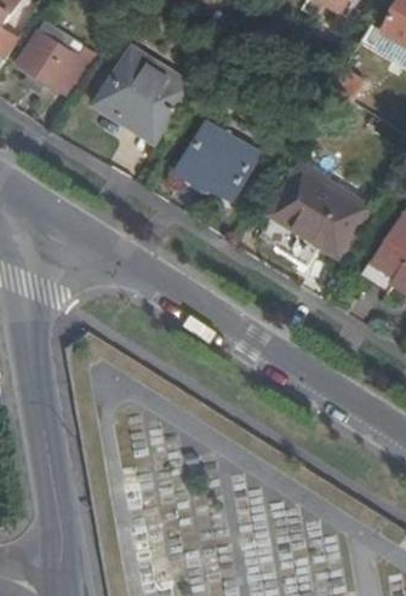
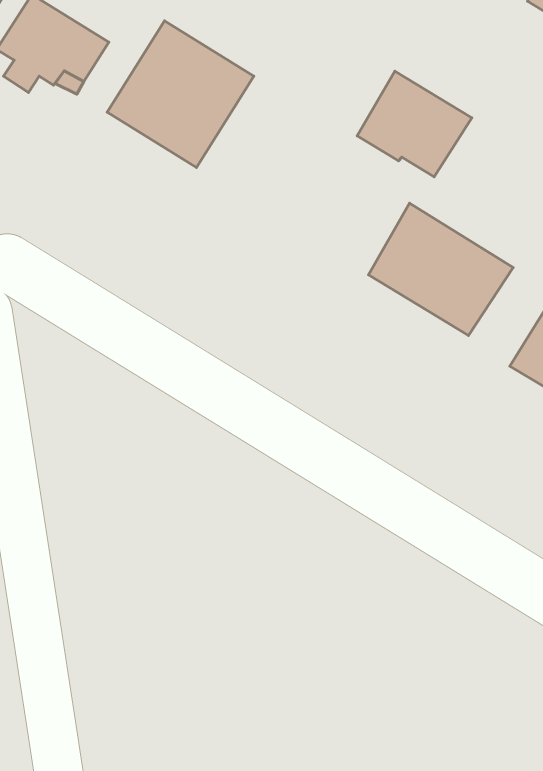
building: [179,124,257,195] -> [357,71,472,177]

